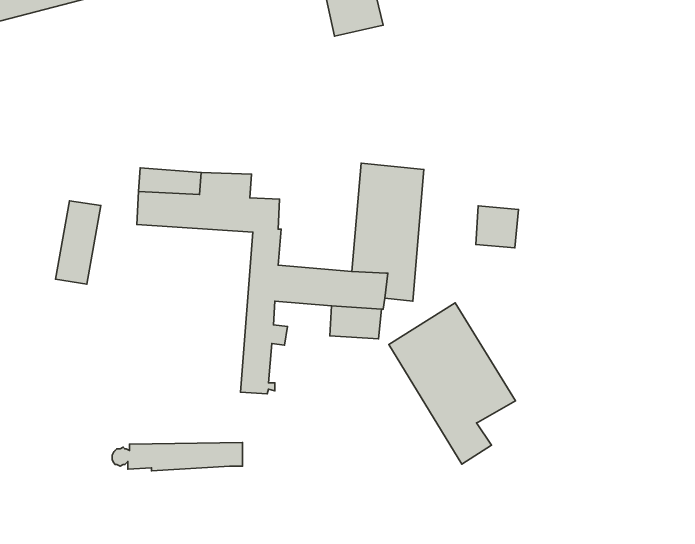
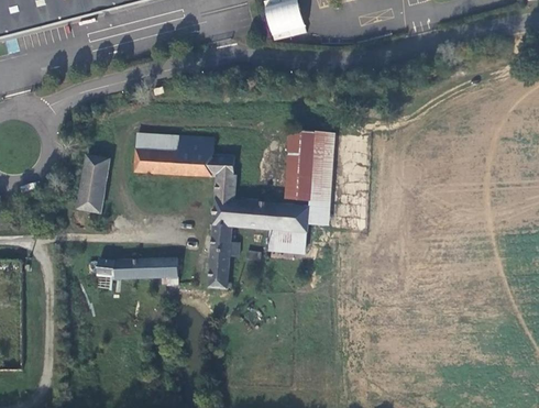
building: [476,206,518,248] -> none
building: [389,303,515,464] -> none
building: [112,443,242,471] -> [82,258,174,278]

